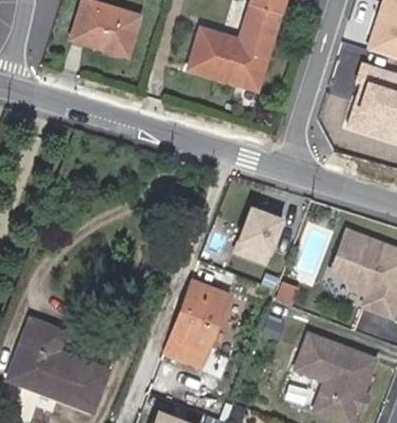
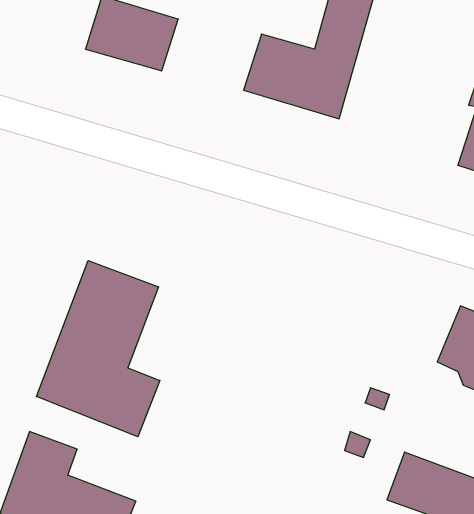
building: none -> [36,261,160,437]
building: [231,205,276,260] -> none
building: [168,283,229,364] -> none

